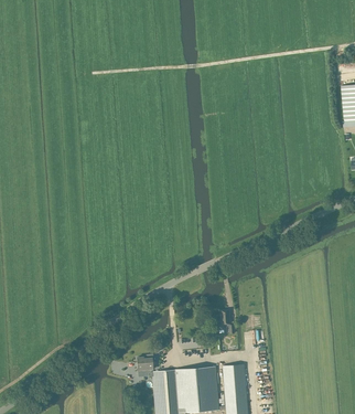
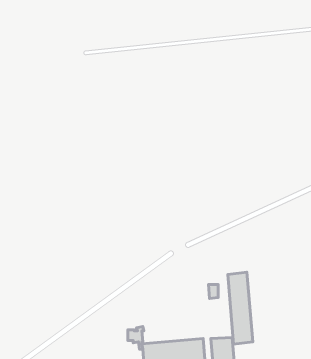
building: none -> [228,272,253,344]

